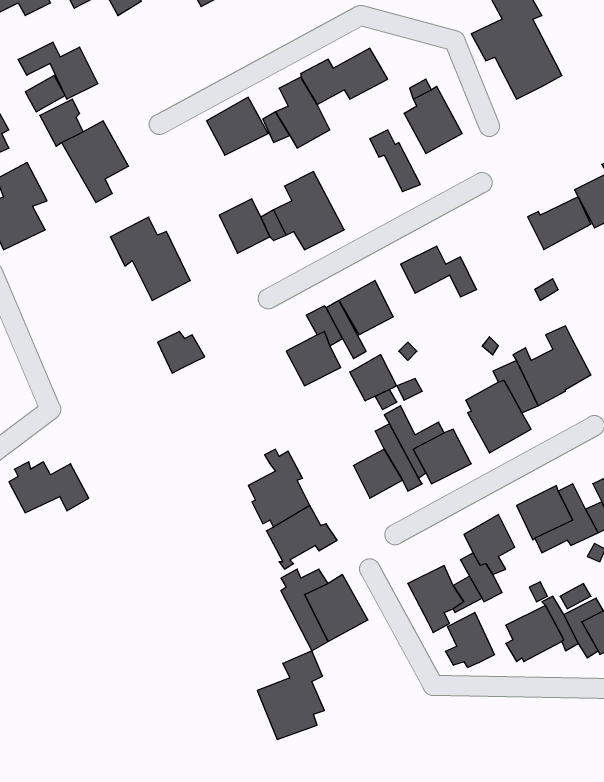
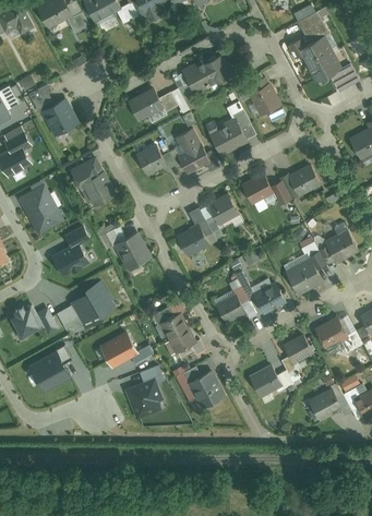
building: [18,42,98,99] -> none
building: none -> [329,62,360,92]
building: none -> [204,118,248,156]
building: [528,197,591,250] -> [280,167,319,199]
building: none -> [16,179,64,231]
building: none -> [50,223,88,274]
building: none -> [113,231,153,271]
building: [350,355,397,401] -> none
building: none -> [57,277,115,329]
building: none -> [99,329,154,365]
building: none -> [27,341,72,389]
building: [446,612,494,667] -> none
building: [257,651,324,740] -> [124,363,165,417]

